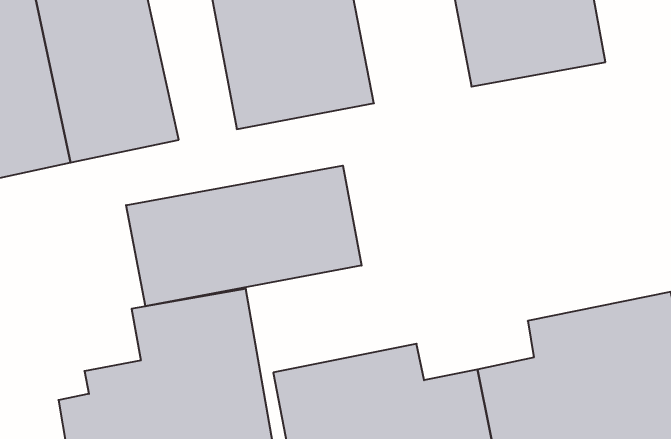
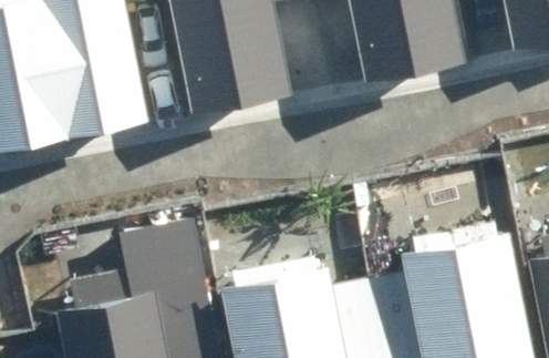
building: [126,166,362,306] -> none

